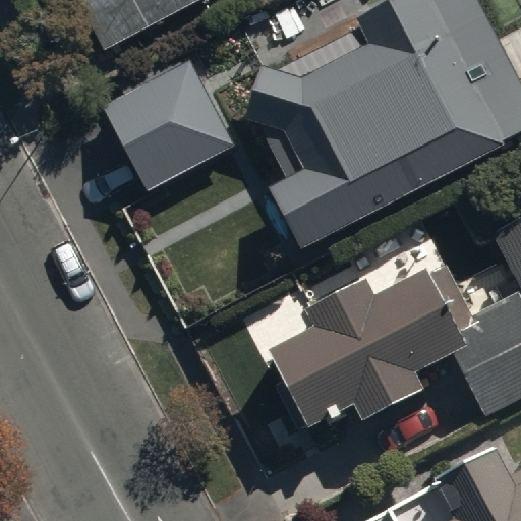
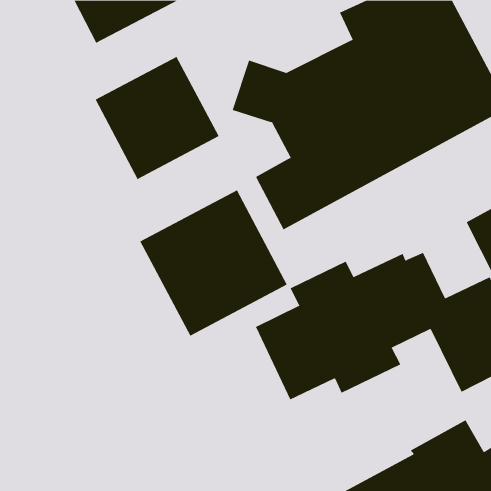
building: none -> [140,190,288,337]

